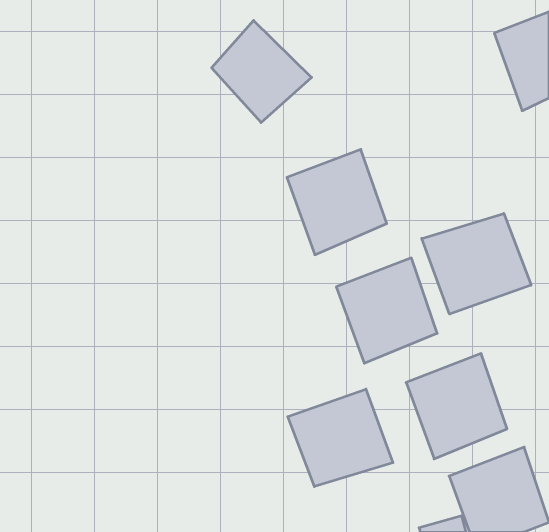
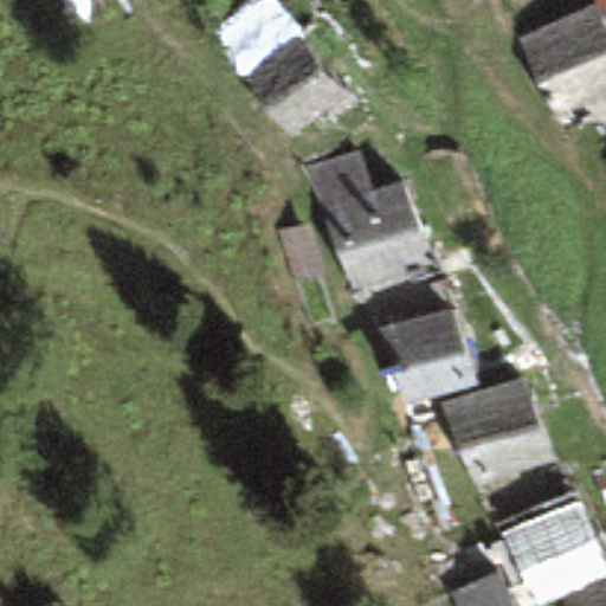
building: [422,213,531,314] -> none
building: [288,389,393,487] -> none

